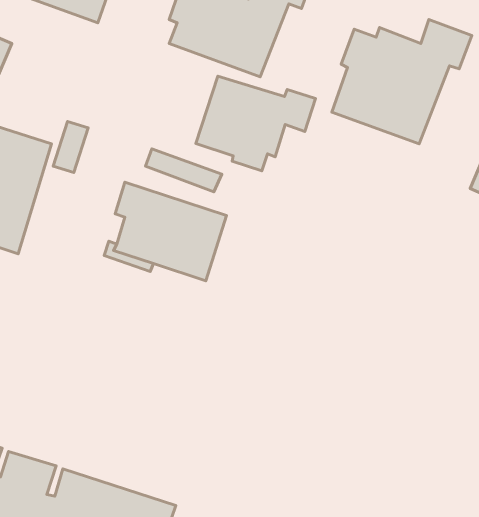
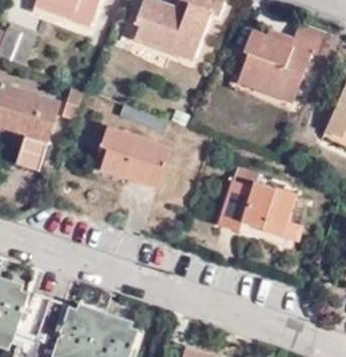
building: [196,76,315,171] -> none
building: none -> [219,182,296,236]

